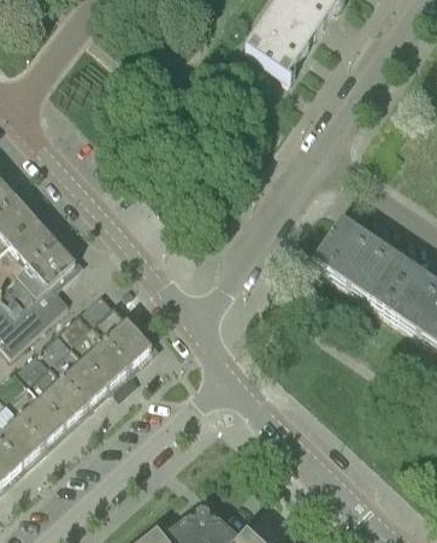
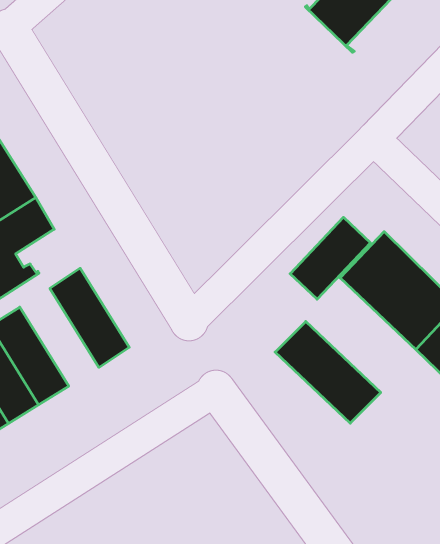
building: none -> [290,217,370,299]
building: none -> [275,321,381,423]
building: [60,308,132,384] -> none

